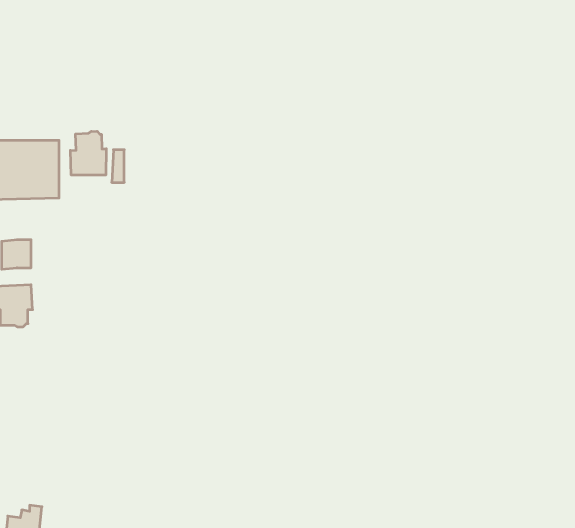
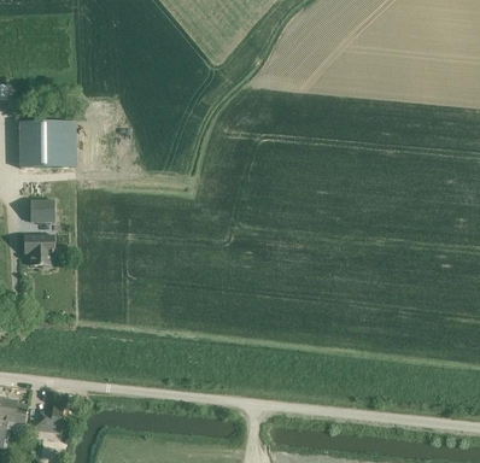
building: [70,131,106,175] -> none

